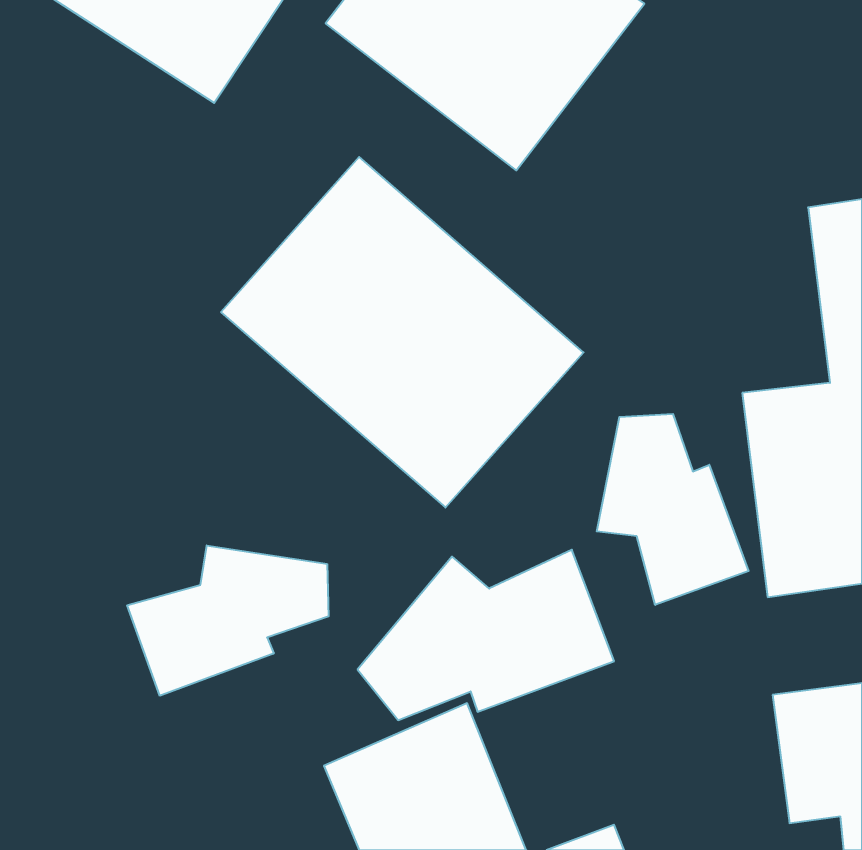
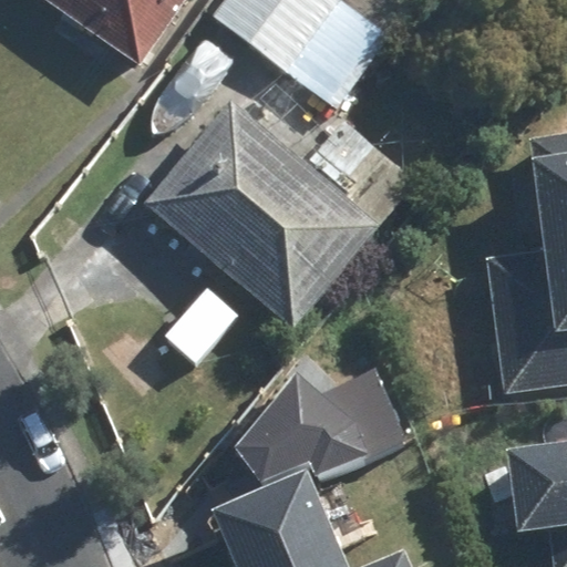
building: [597,414,749,605] -> none
building: [127,545,329,696] -> none

